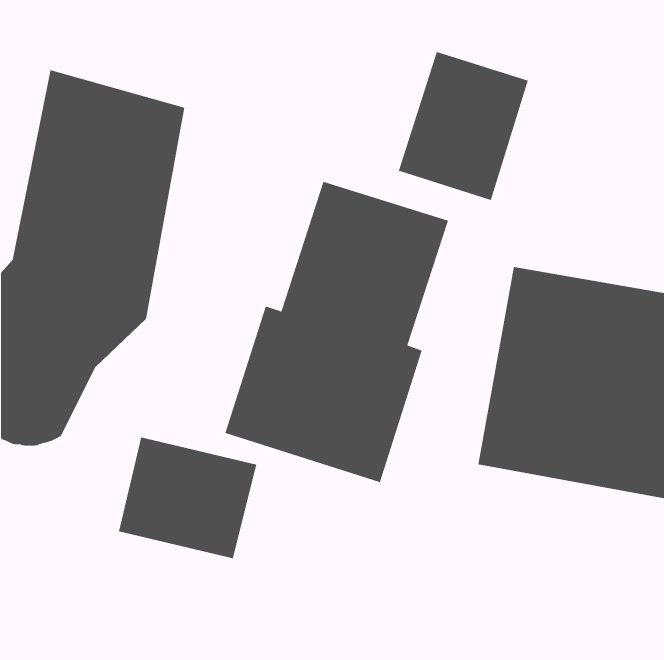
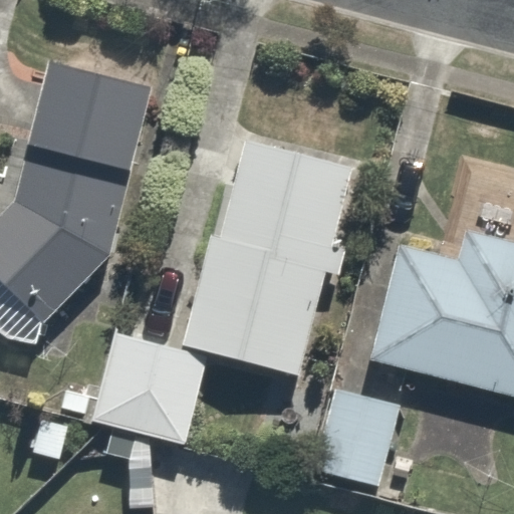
building: [398,51,529,201] -> none
building: none -> [311,388,402,485]

